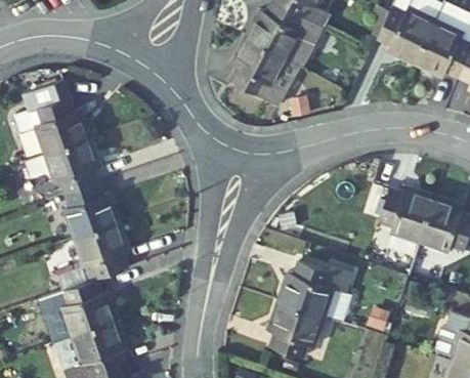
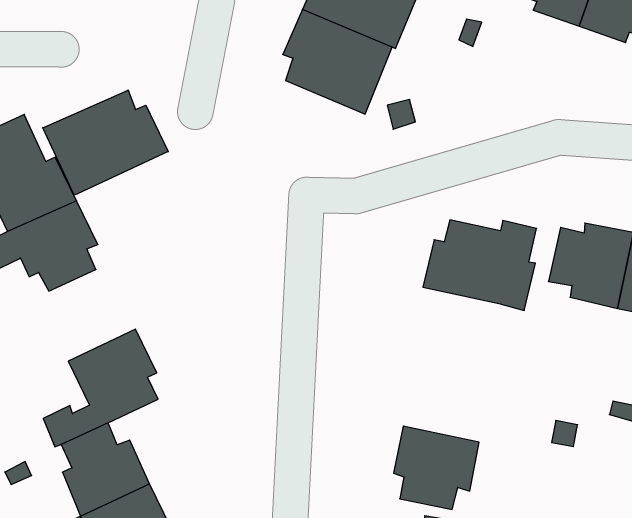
building: none -> [43,90,168,195]
building: [65,183,118,239] -> none
building: [277,262,352,324] -> [423,220,537,310]

